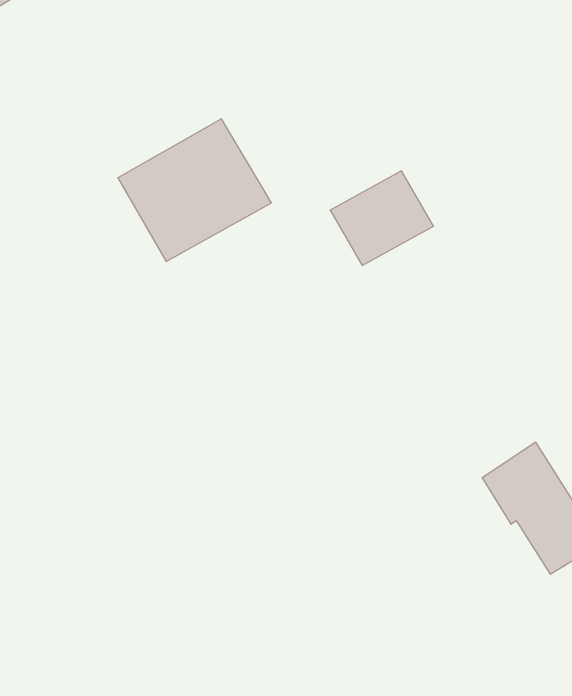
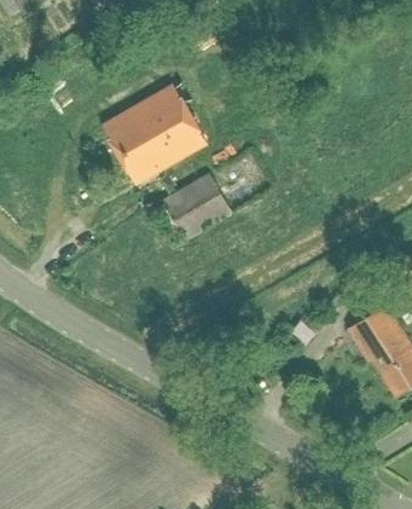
building: [330,171,434,265] -> [162,174,232,238]

